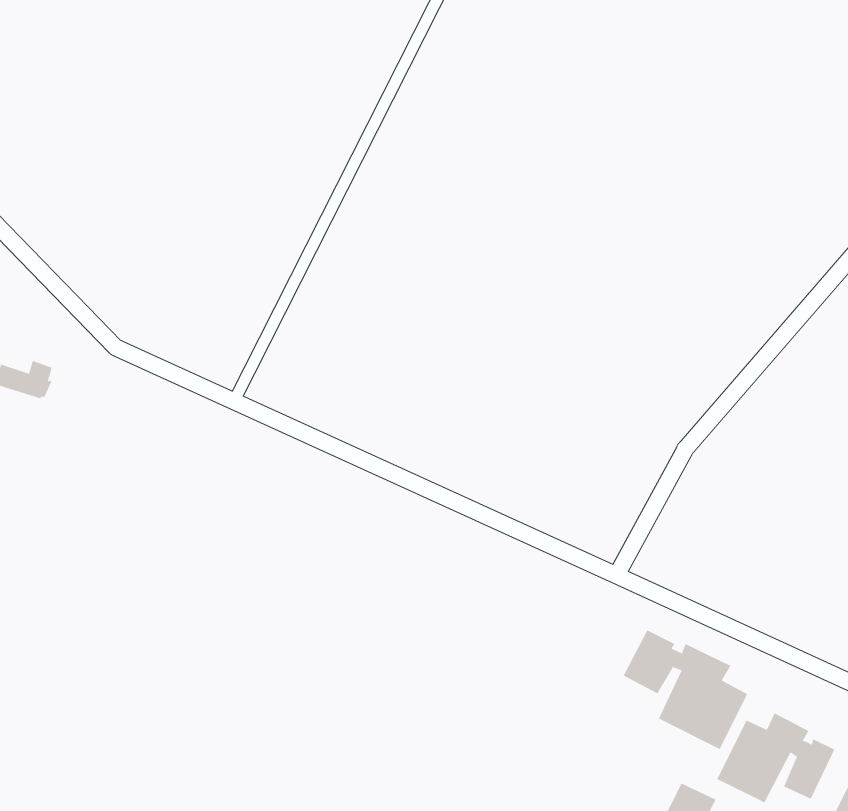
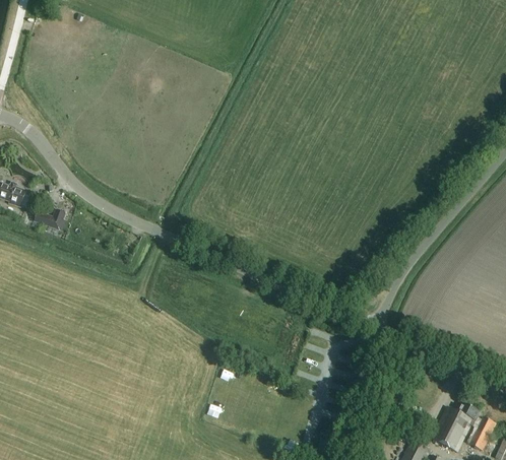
building: [623,629,748,750] -> none

